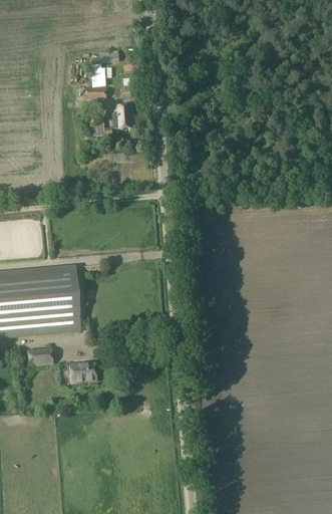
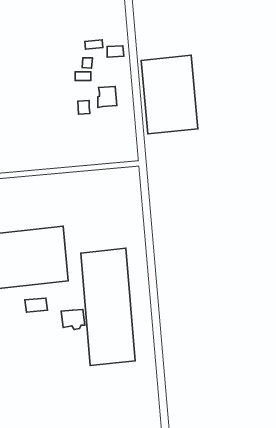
building: none -> [141,55,198,134]
building: none -> [81,248,135,366]

